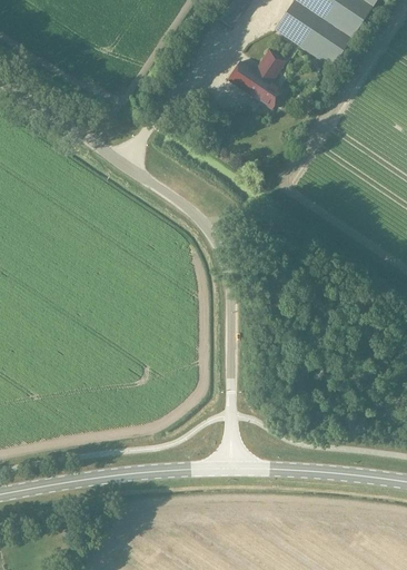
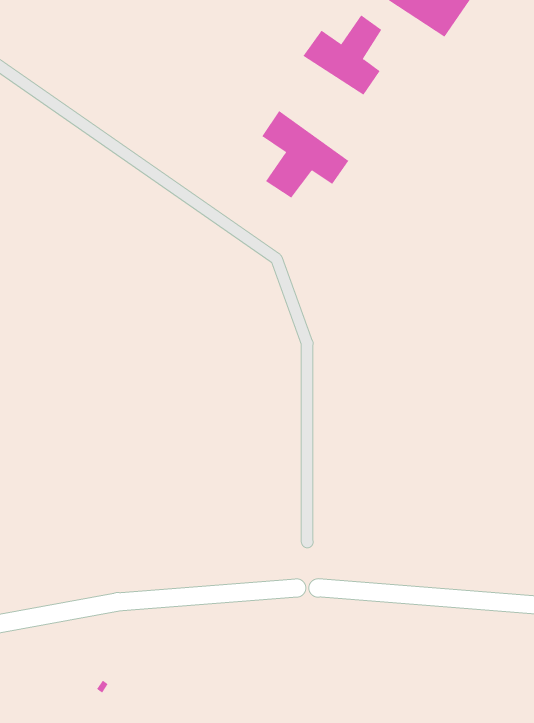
building: none -> [262,110,349,199]

